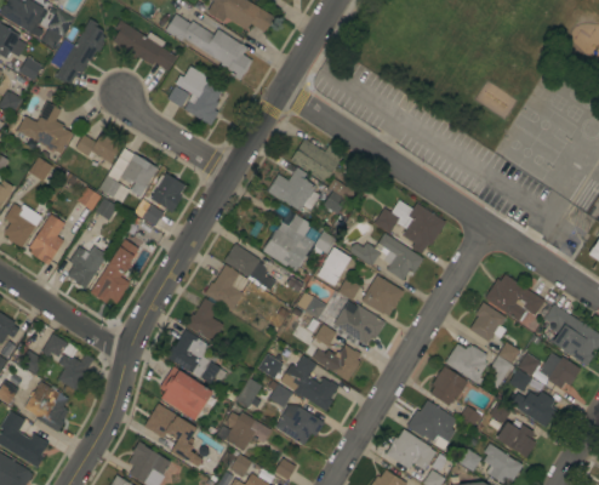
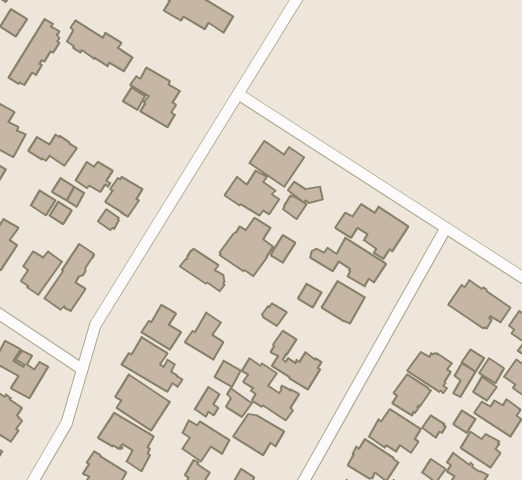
building: [166,15,253,80] -> none
building: [318,246,352,286] -> none
building: [205,264,243,310] -> [185,312,223,360]
building: [333,296,386,344] -> none
building: [469,302,507,342] -> none

